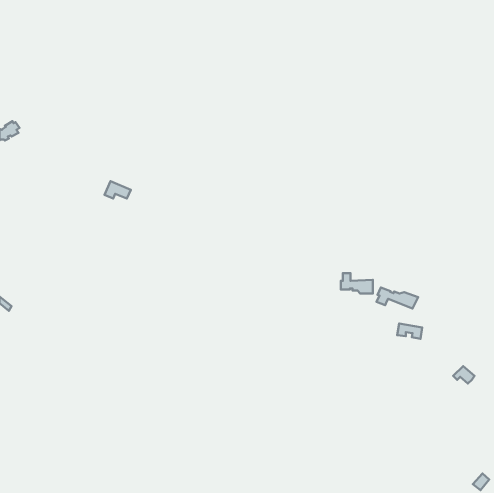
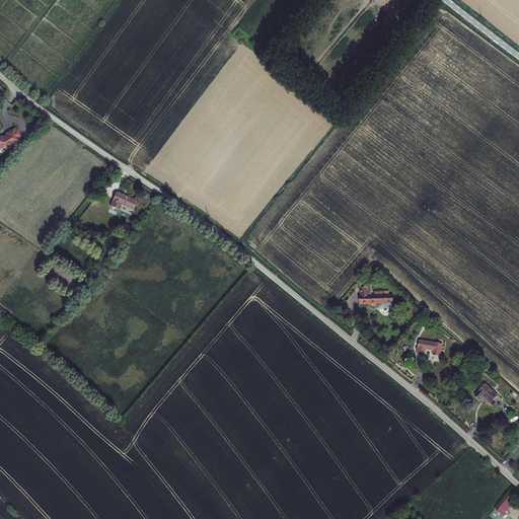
building: [376,287,418,309] -> none

